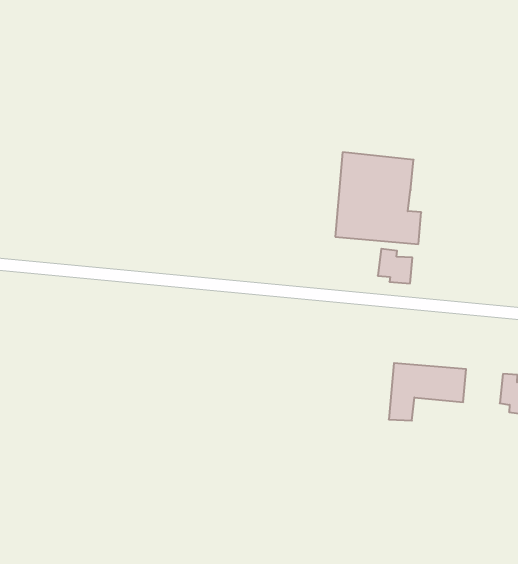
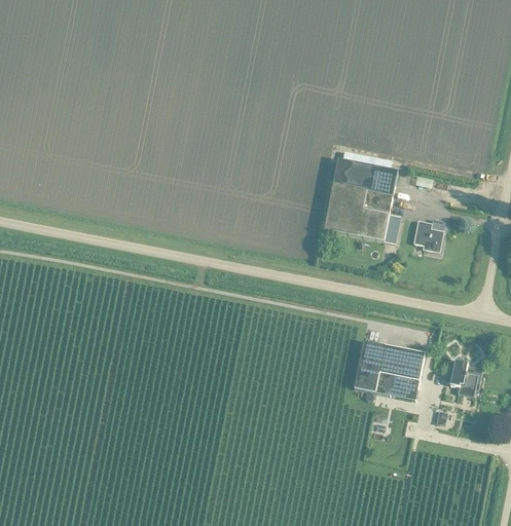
building: [378,249,412,283] -> [412,220,443,252]
building: none -> [373,372,418,400]

